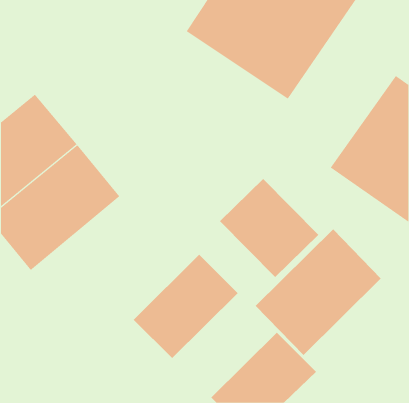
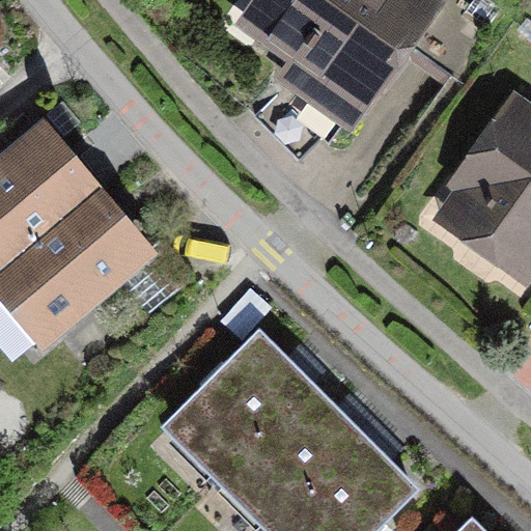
building: [219,178,319,278] -> none
building: [255,229,382,356] -> none
building: none -> [223,380,359,514]

